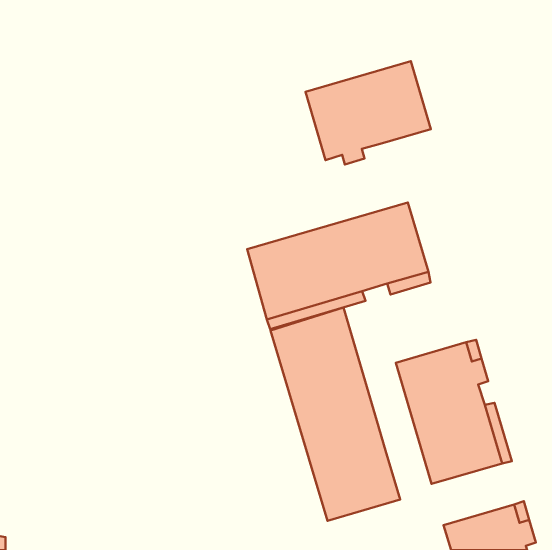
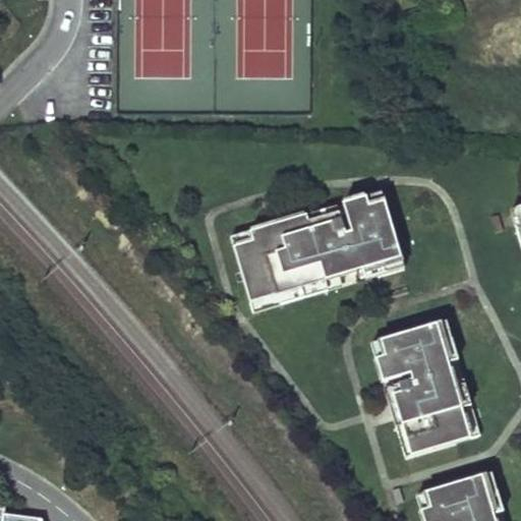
building: [305,61,431,164] -> none
building: [270,307,400,521] -> none

